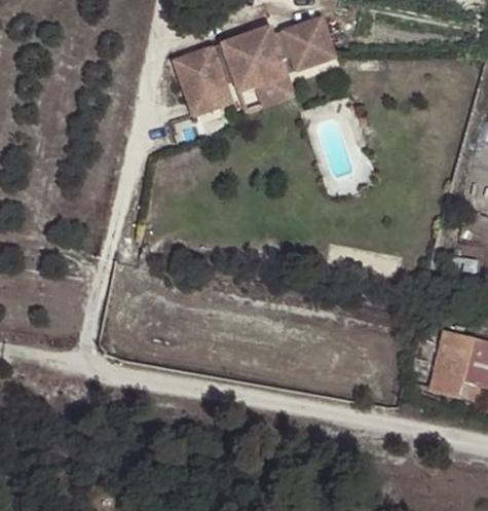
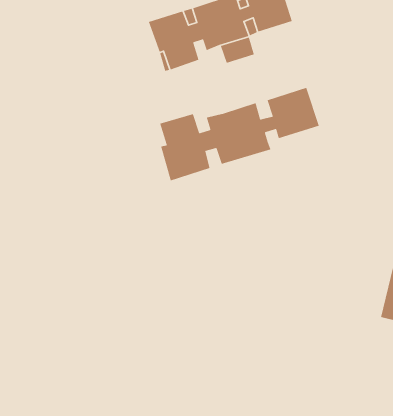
building: none -> [159,87,320,181]

